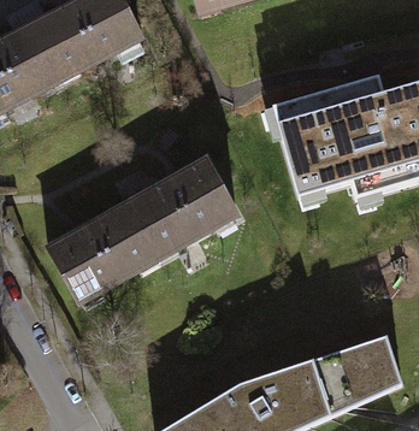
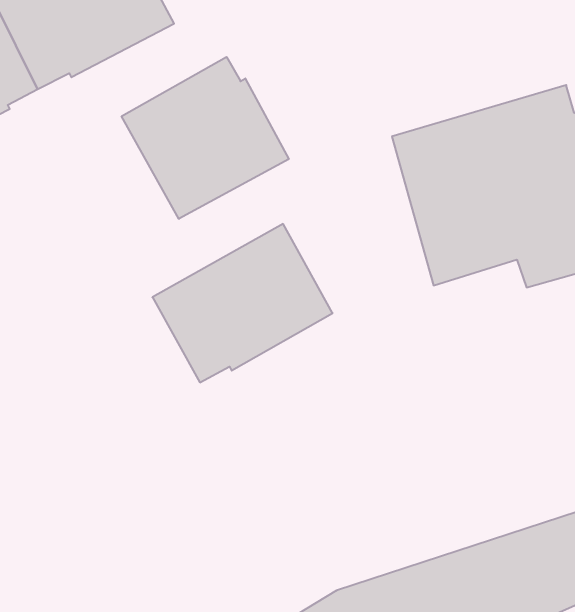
building: none -> [122,57,289,219]
building: [49,203,158,301] -> none

